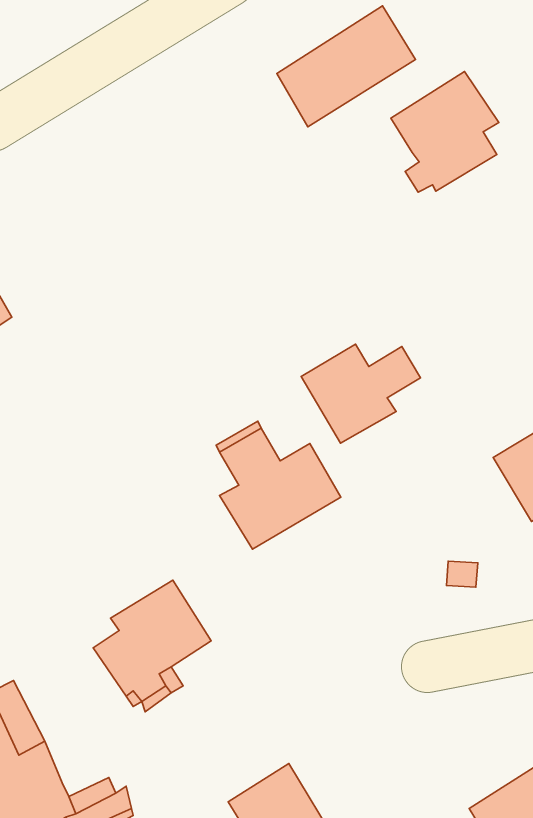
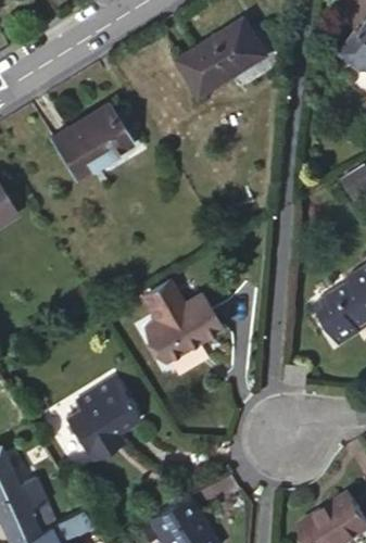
building: [391,71,499,192] -> none
building: none -> [51,105,127,178]
building: [301,344,421,443] -> none

